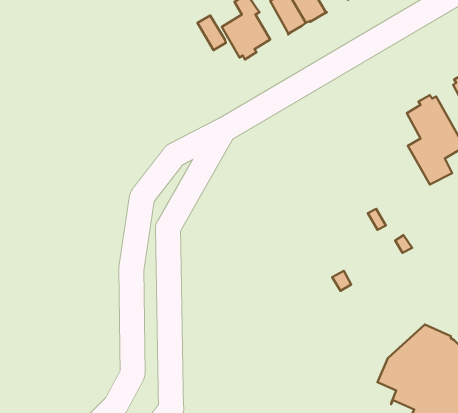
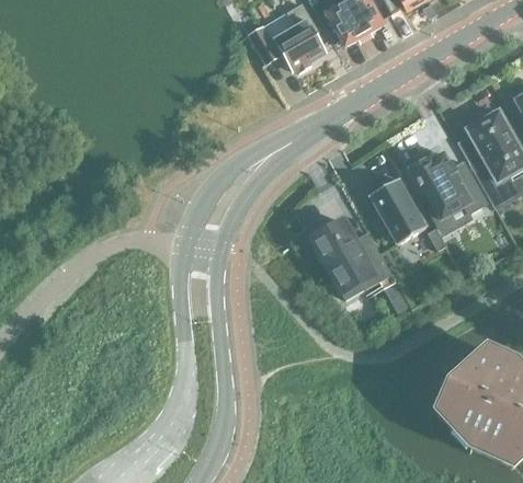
building: none -> [411,151,488,218]
building: none -> [369,177,425,243]
building: none -> [311,219,391,298]

